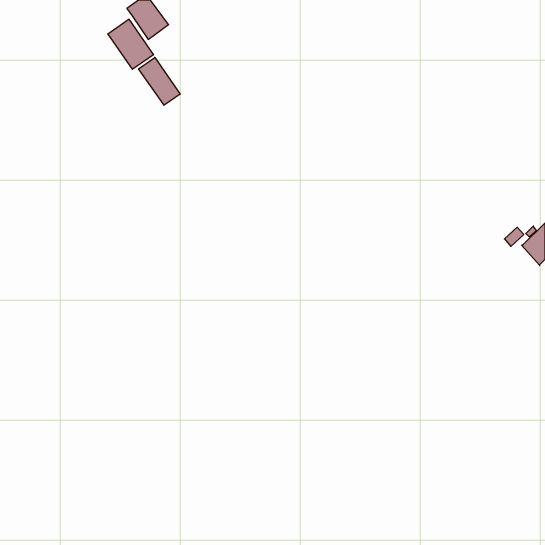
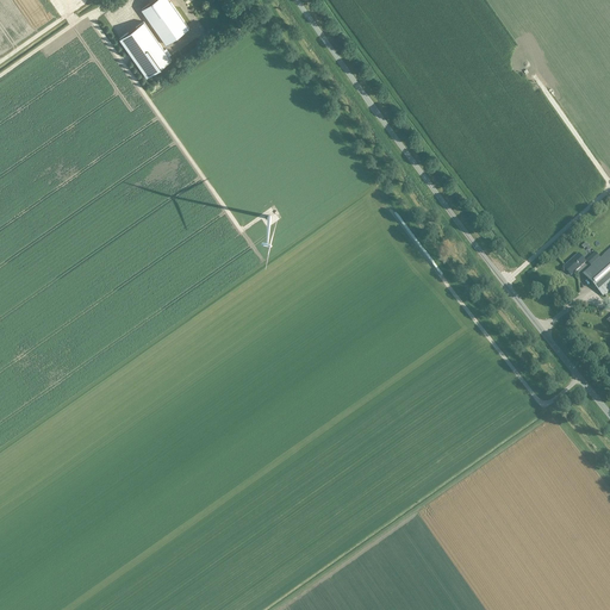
building: [139,57,180,105] -> none

